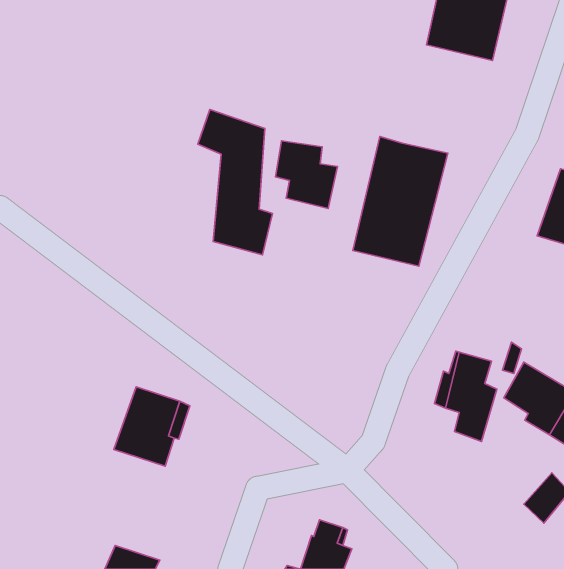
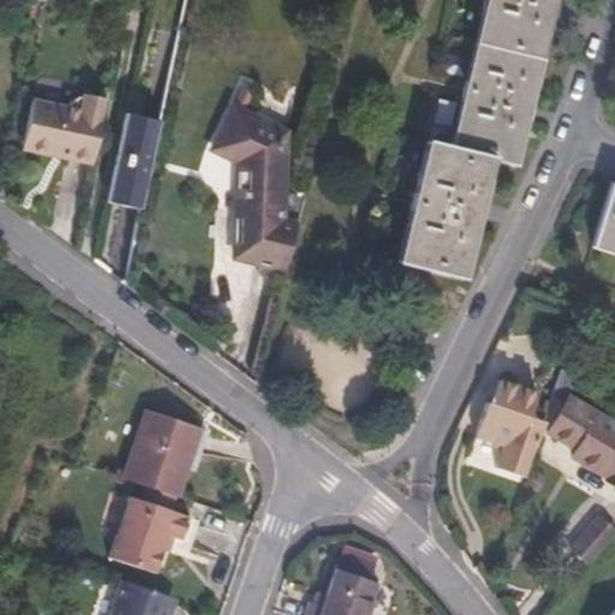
building: none -> [440,48,537,169]
building: none -> [25,97,106,161]
building: none -> [105,126,162,223]
building: [275,141,338,208] -> none
building: none -> [117,501,208,575]

